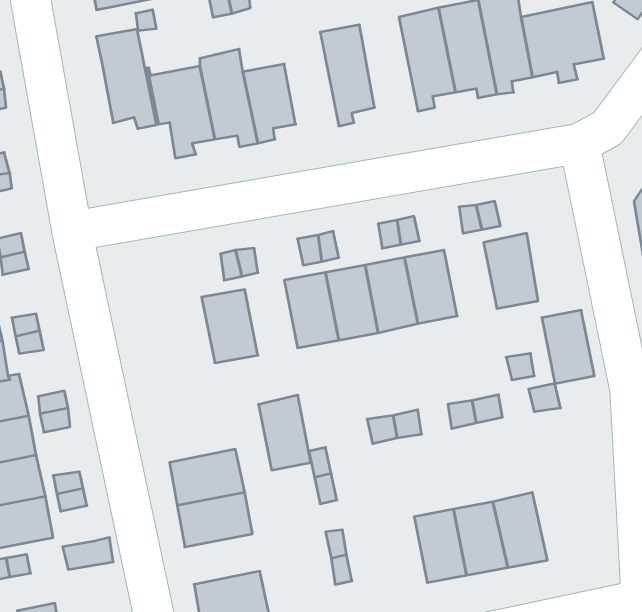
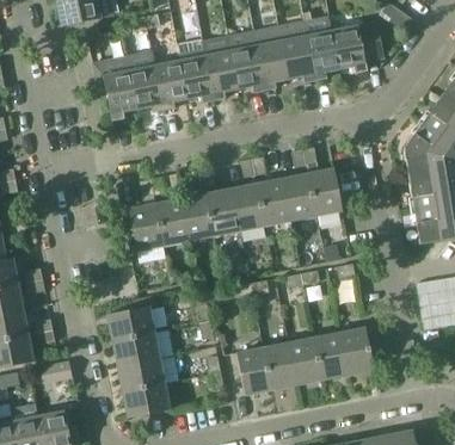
building: none -> [229,30,266,92]
building: [96,29,156,129] -> [178,38,216,101]
building: [542,310,594,383] -> [283,173,316,220]
building: [258,395,311,470] -> [156,197,190,245]
building: none -> [339,327,375,375]
building: none -> [238,347,272,395]
building: none -> [118,358,166,390]

